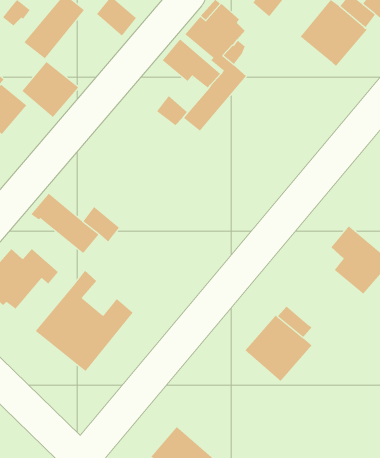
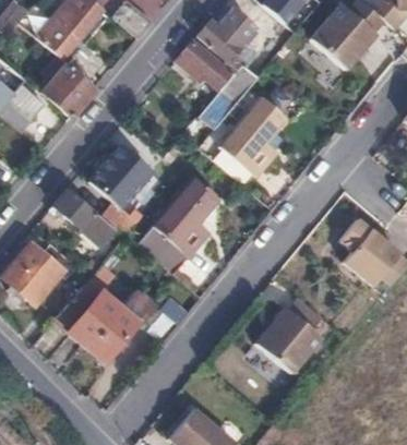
building: none -> [223,96,287,173]
building: none -> [91,143,152,204]
building: none -> [136,176,223,276]

